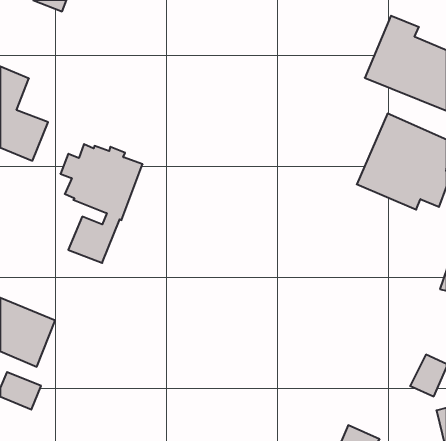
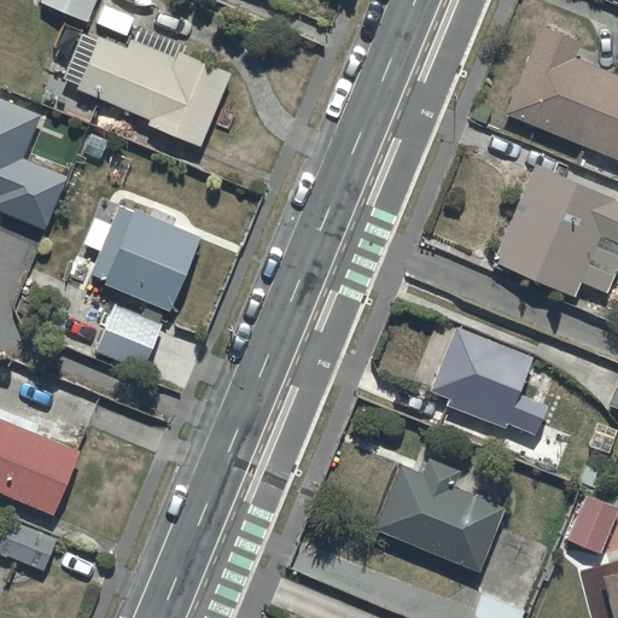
building: none -> [48,29,231,147]
building: none -> [430,327,547,436]
building: none -> [374,459,506,573]

